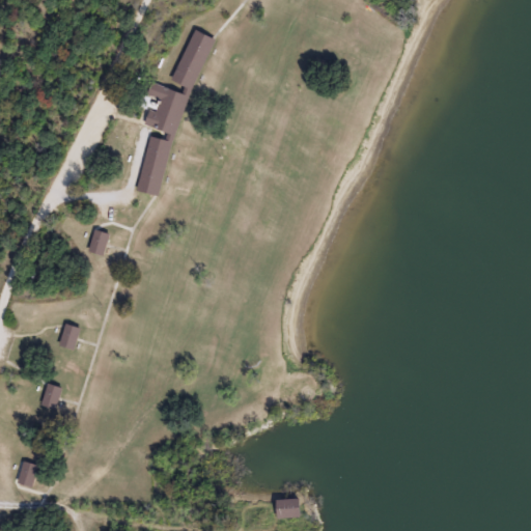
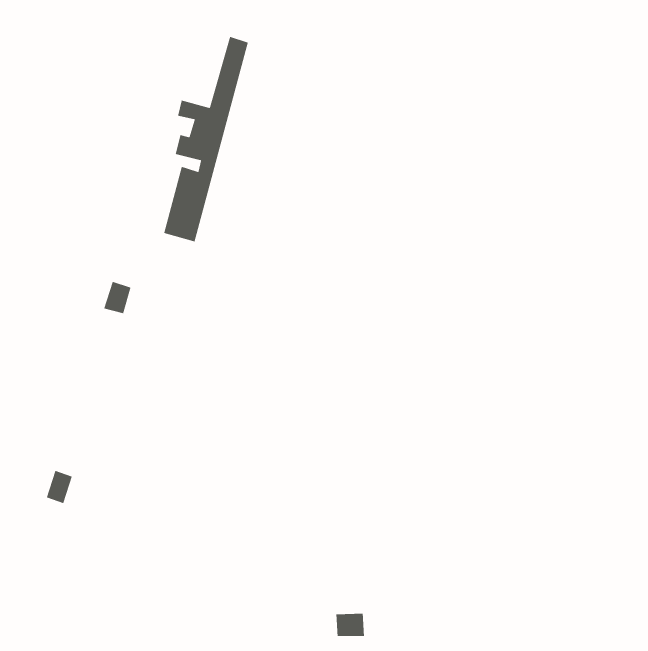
building: [58,324,81,351] -> none
building: [16,462,39,488] -> none

